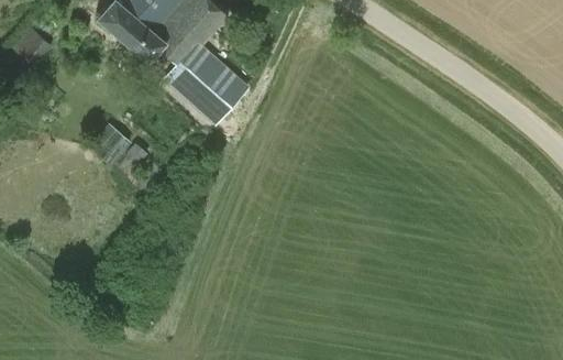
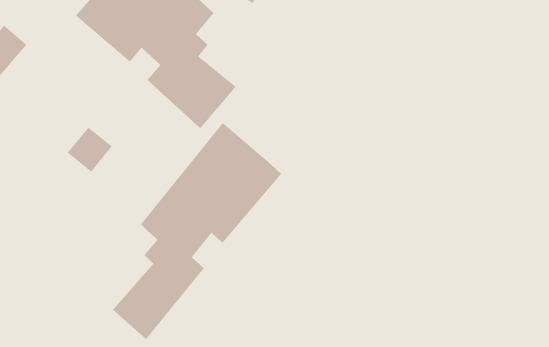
building: none -> [112,122,282,340]

